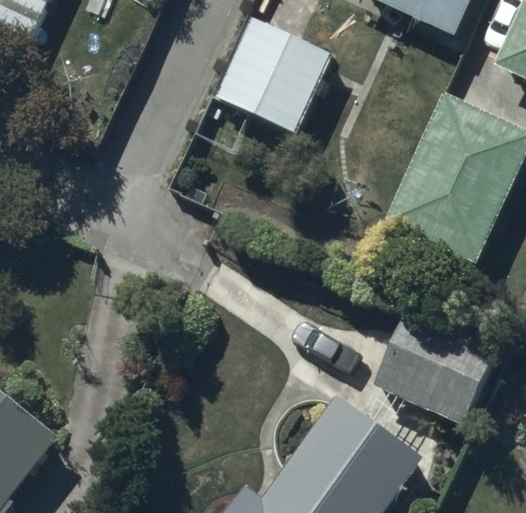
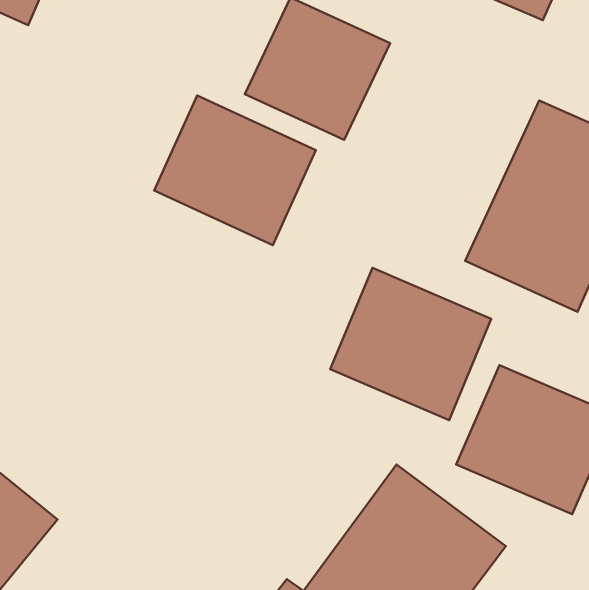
building: none -> [154,96,316,245]
building: none -> [330,268,491,420]

